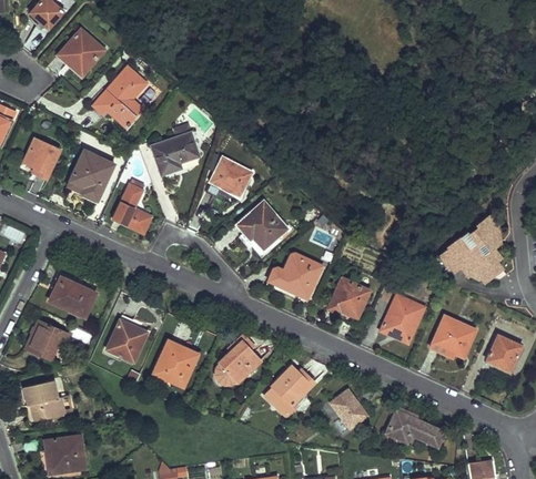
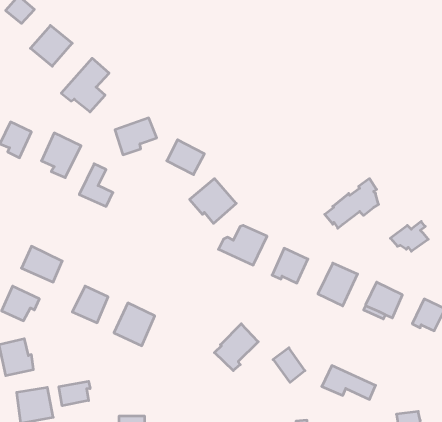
building: [441,216,500,272] -> [325,179,379,228]
building: [214,340,260,385] -> none
building: none -> [59,381,90,406]

